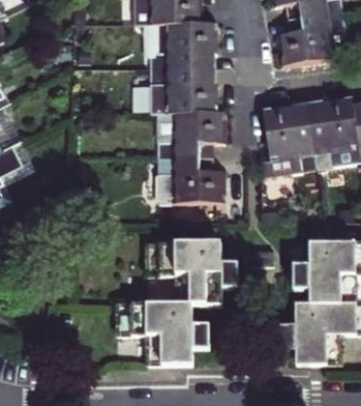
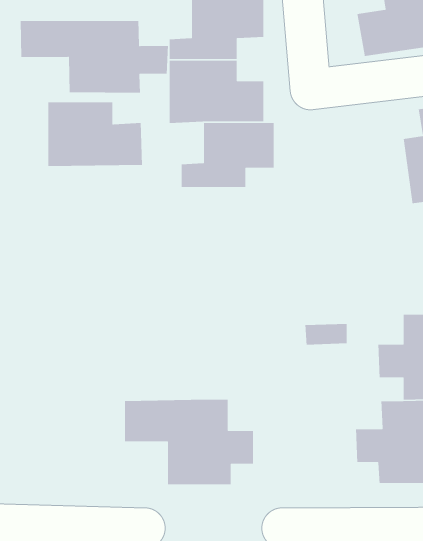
building: none -> [20,20,169,93]
building: [262,105,319,176] -> none
building: [158,156,224,202] -> [48,101,143,167]
building: [147,244,239,303] -> none

